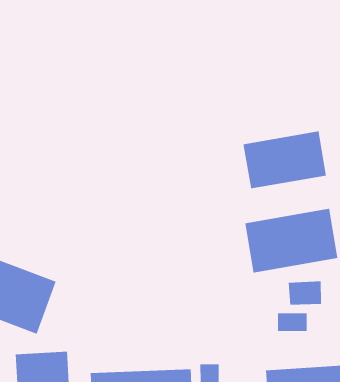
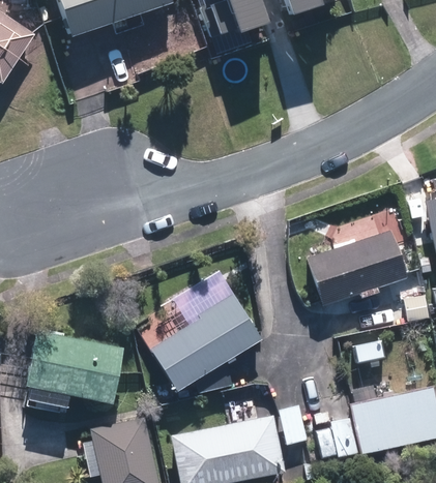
building: [243,130,327,189] -> none
building: none -> [149,271,263,393]

